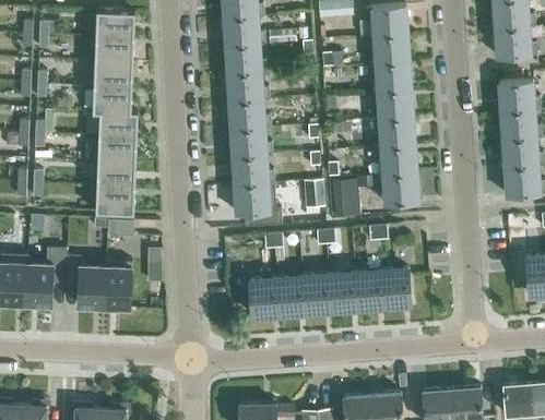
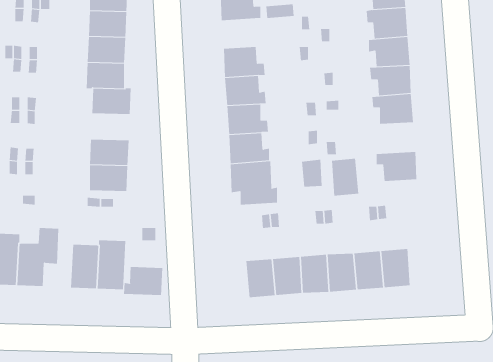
building: [225,44,266,73] -> none
building: [97,136,137,163] -> none
building: [375,145,416,176] -> none
building: none -> [123,266,163,296]

